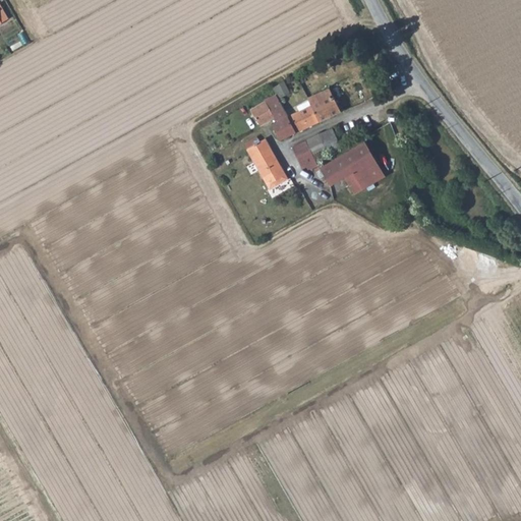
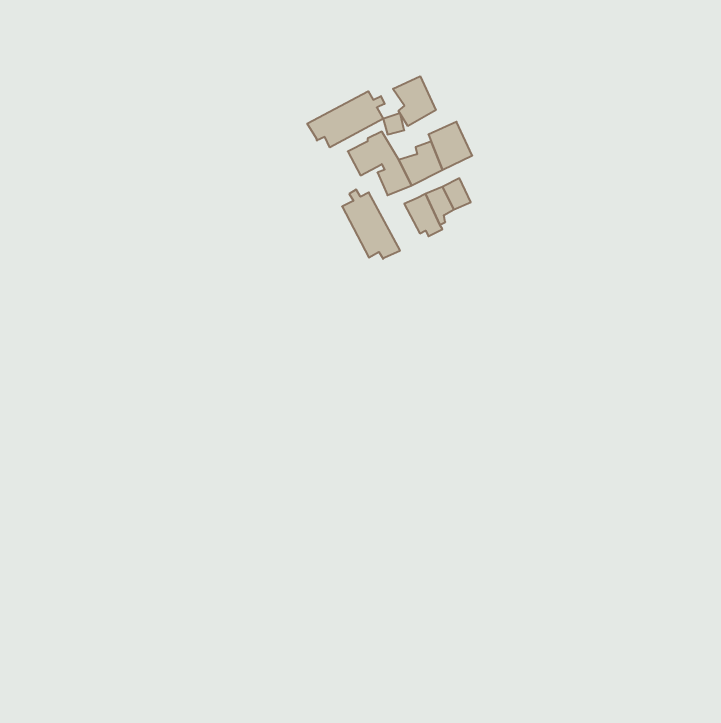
building: none -> [393,76,436,126]
building: none -> [307,91,385,147]
building: [320,141,384,194] -> none

